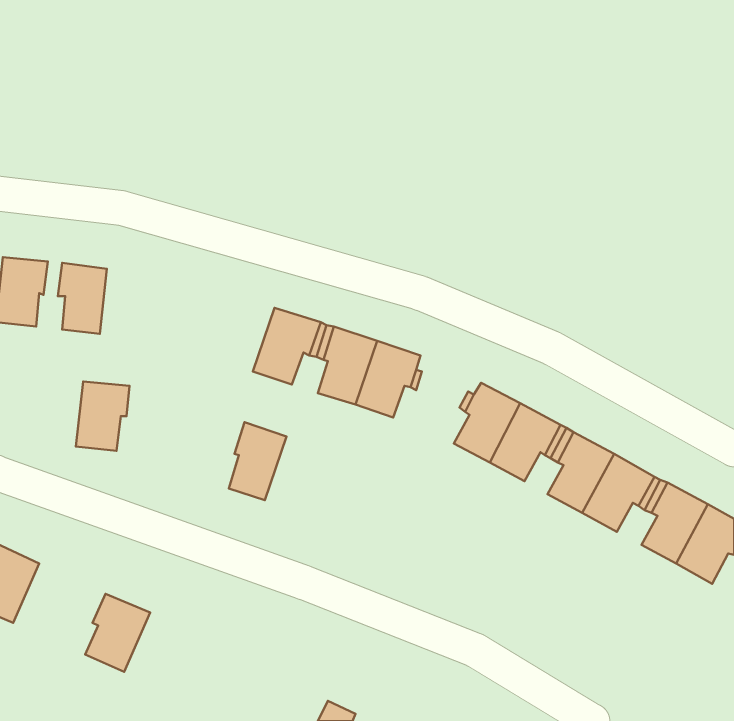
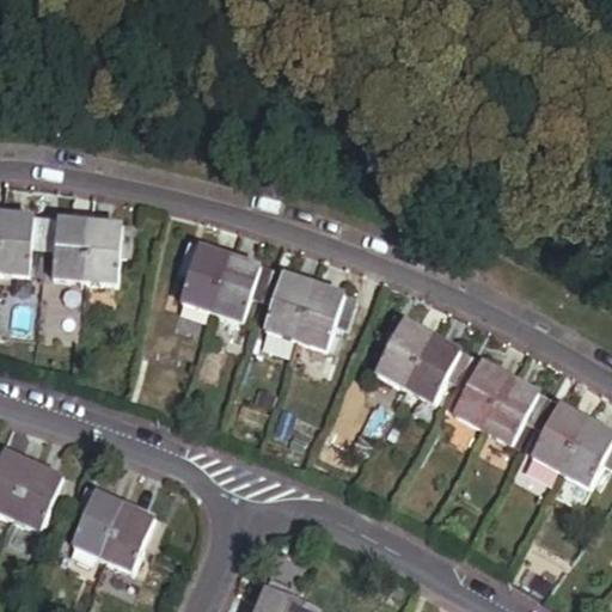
building: [76,382,129,451] -> [82,222,127,280]
building: [229,422,287,500] -> [179,243,227,307]
building: none -> [11,466,67,528]
building: none -> [103,507,159,569]

